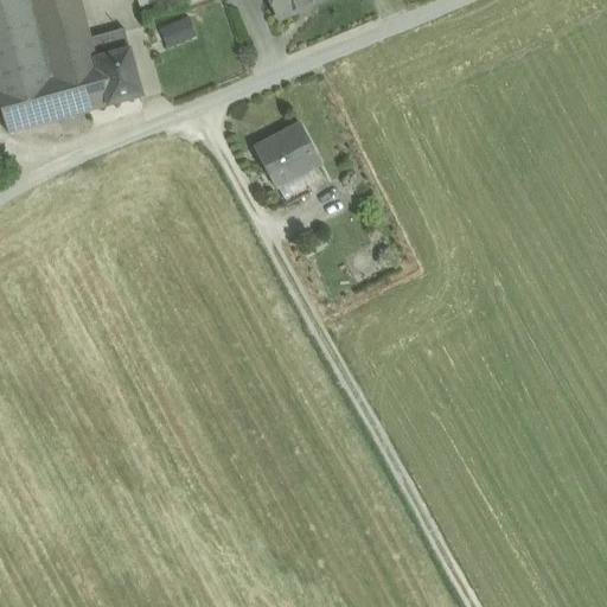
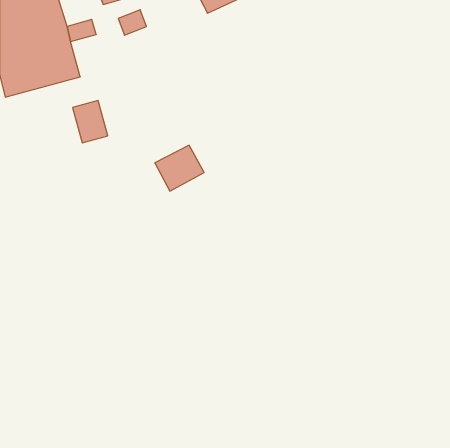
building: [95,46,142,103] -> [73,101,108,143]
building: [254,123,320,185] -> [155,145,204,191]

